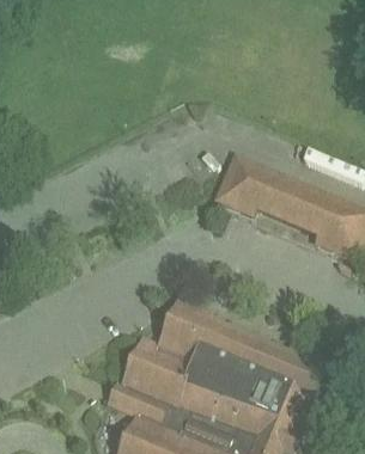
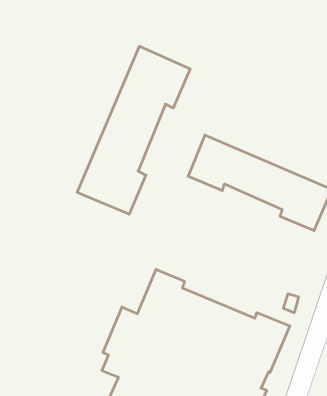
building: none -> [77,46,190,214]

